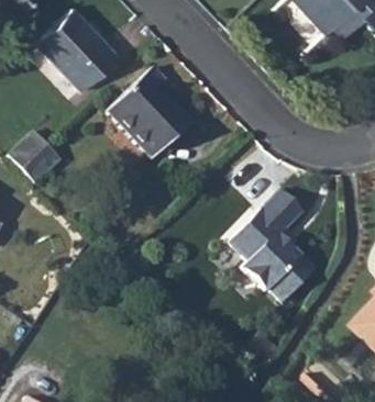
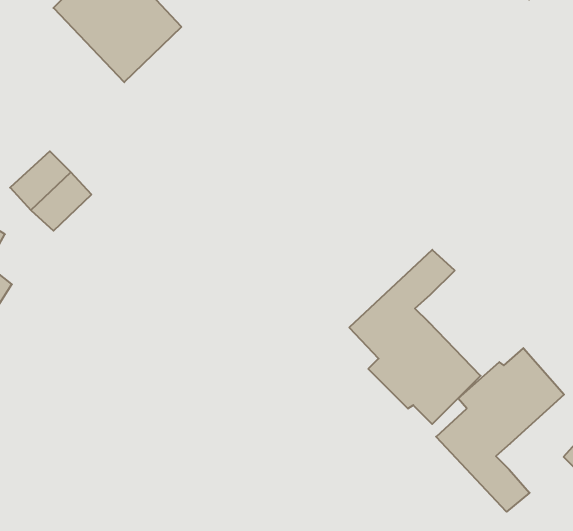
building: [110,67,194,160] -> none
building: none -> [436,348,564,512]

